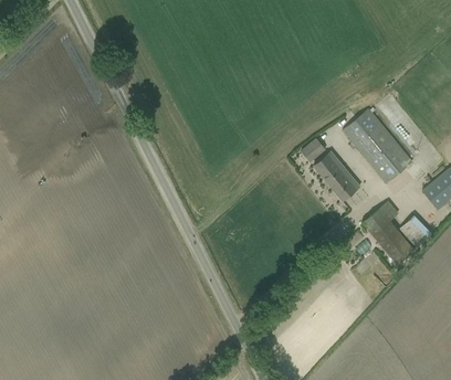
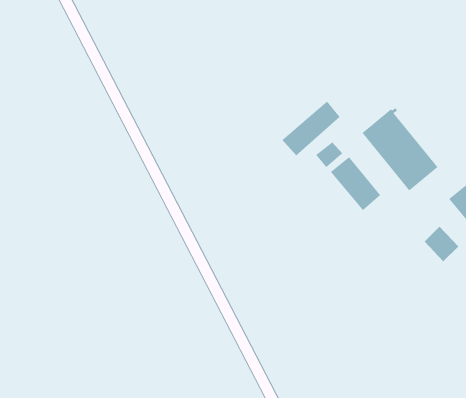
building: none -> [281,101,341,156]
building: [361,201,413,264] -> none

